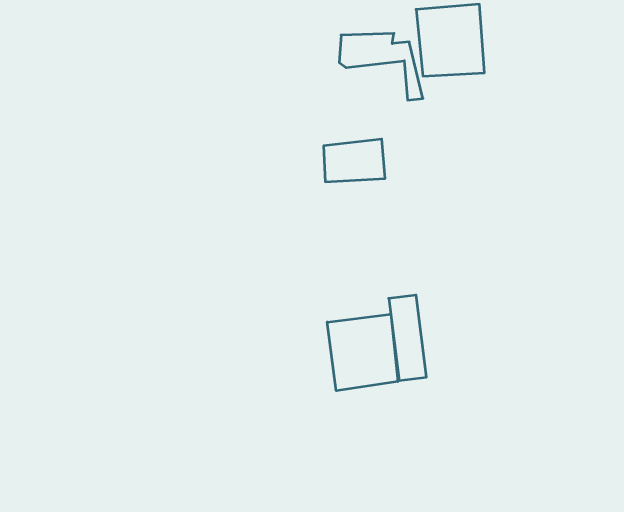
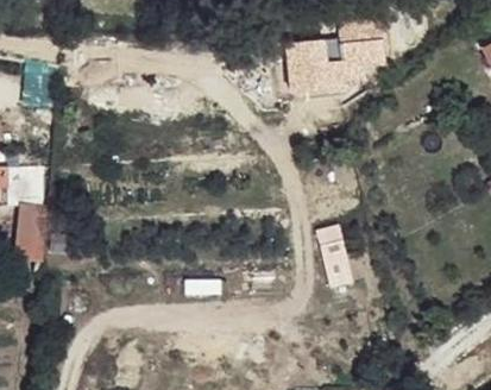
building: [324,139,385,182] -> [290,63,333,93]
building: [327,314,398,391] -> none

